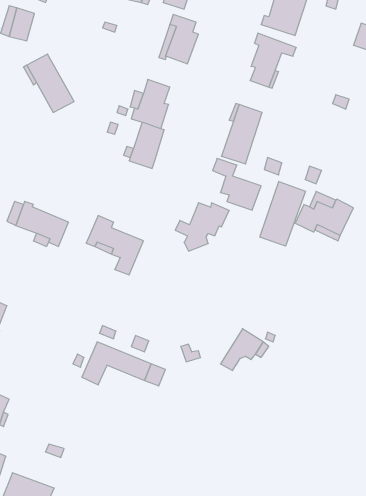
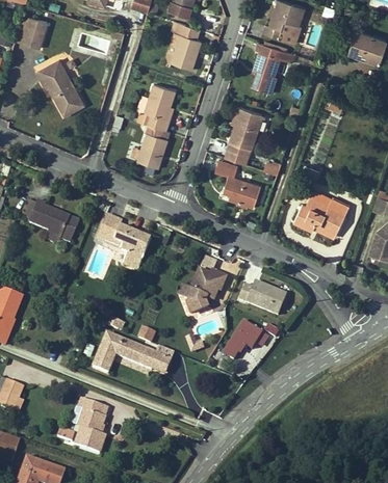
building: [260,181,305,246] -> none
building: [175,203,229,251] -> [177,268,228,314]
building: none -> [239,281,287,315]
building: none -> [71,398,107,453]

